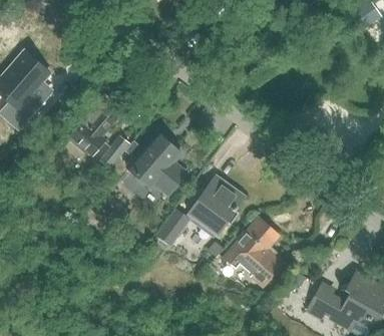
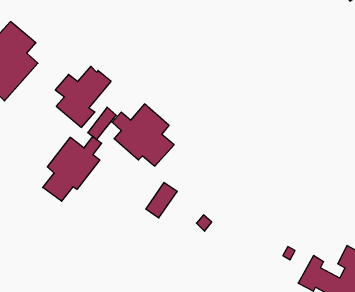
building: none -> [43,137,102,201]
building: [186,178,243,236] -> none
building: [222,216,283,287] -> none

